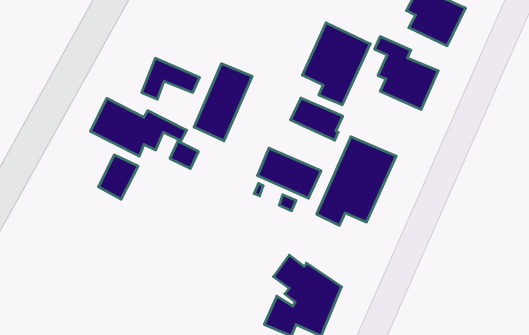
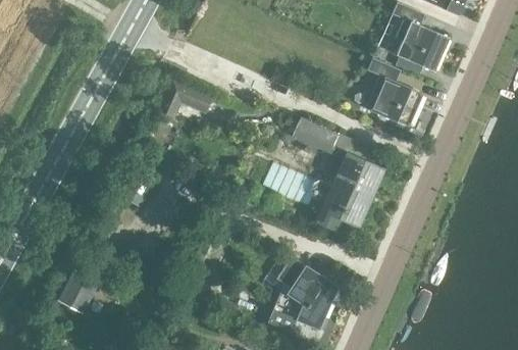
building: [302,23,370,105] -> none
building: [194,64,252,141] -> none
building: [91,98,187,156] -> none
building: none -> [56,267,95,310]

